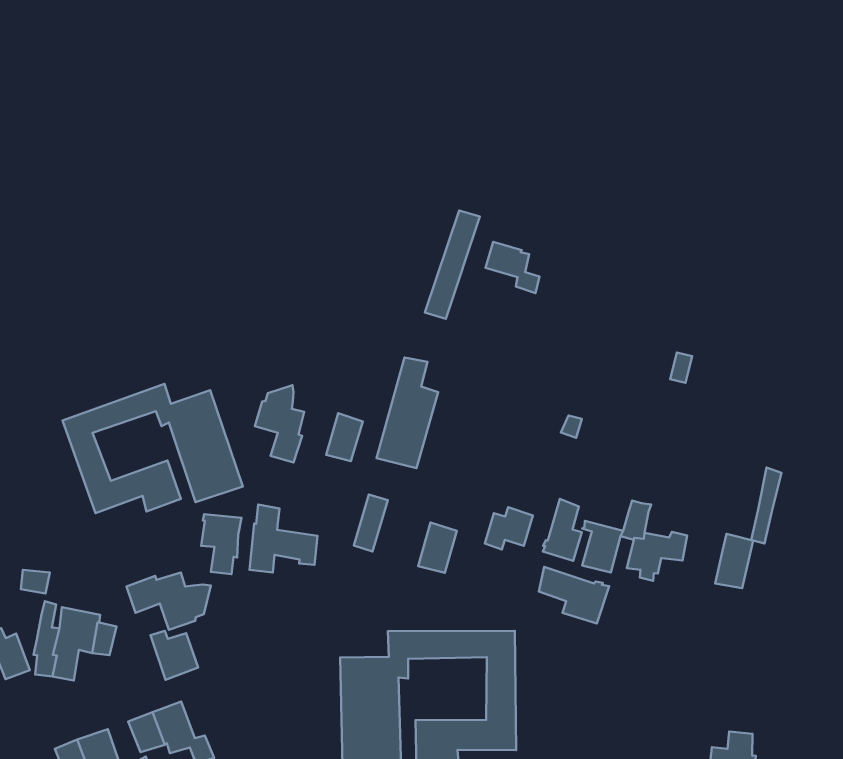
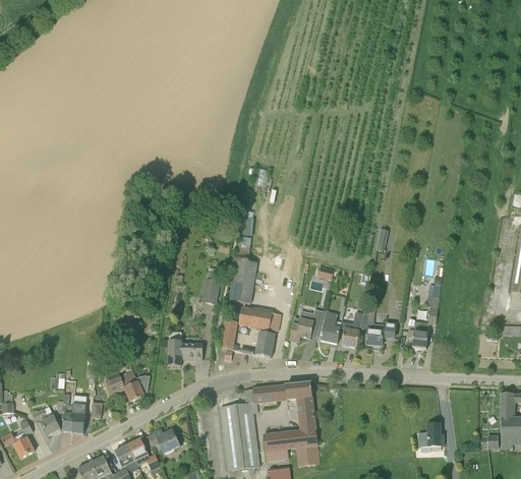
building: [486,242,540,293] -> none
building: [63,384,243,513] -> none
building: [255,385,304,462] -> none
building: none -> [238,306,280,331]
building: [201,514,242,574] -> none
building: [539,567,609,624] -> none
building: [151,631,198,680] -> [153,428,179,454]

